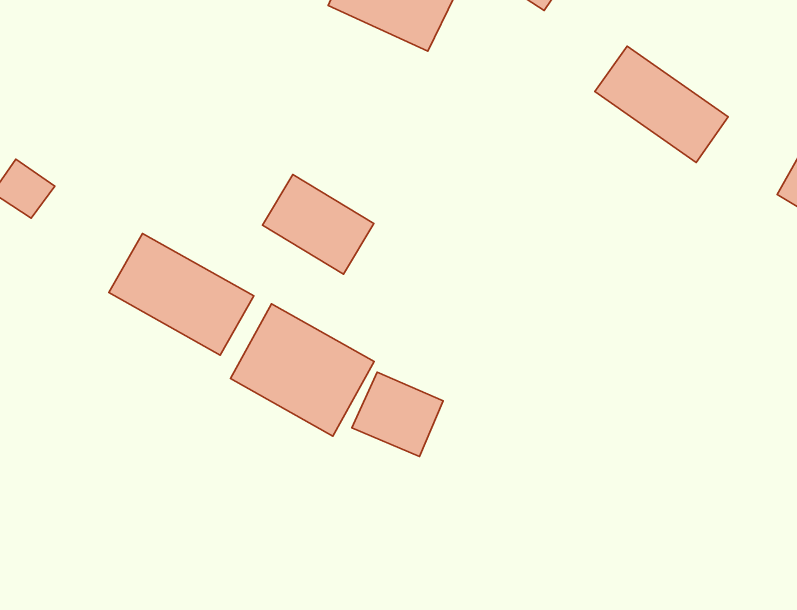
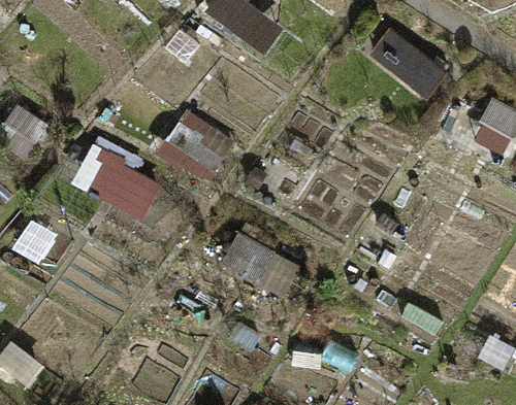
building: [230,304,374,436] -> none

